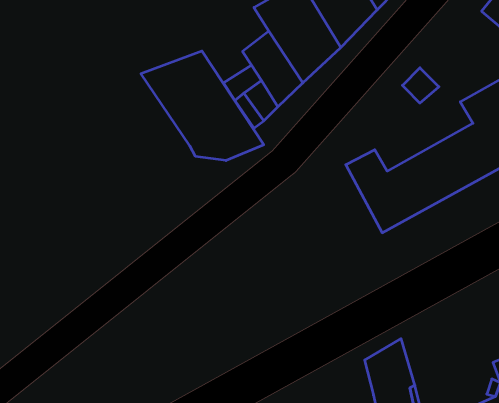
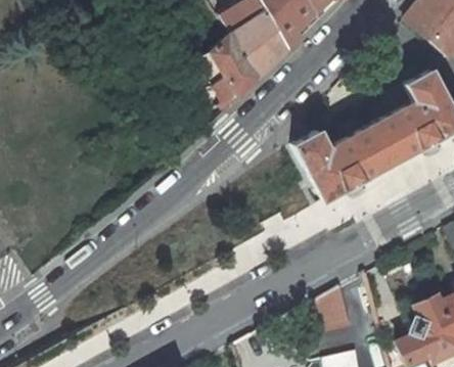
building: [141,51,264,161] -> none

